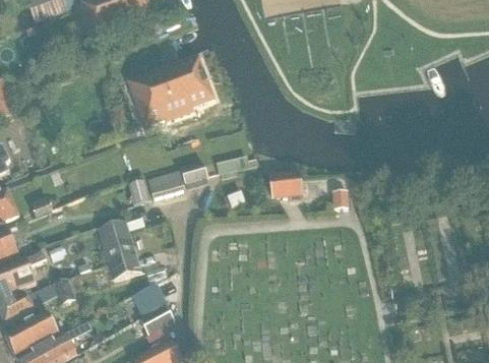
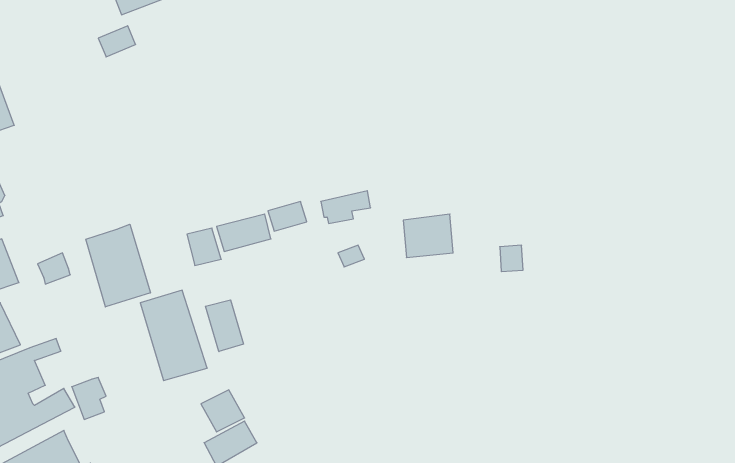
building: [128,56,216,129] -> none
building: none -> [86,224,150,307]
building: none -> [205,300,243,352]

